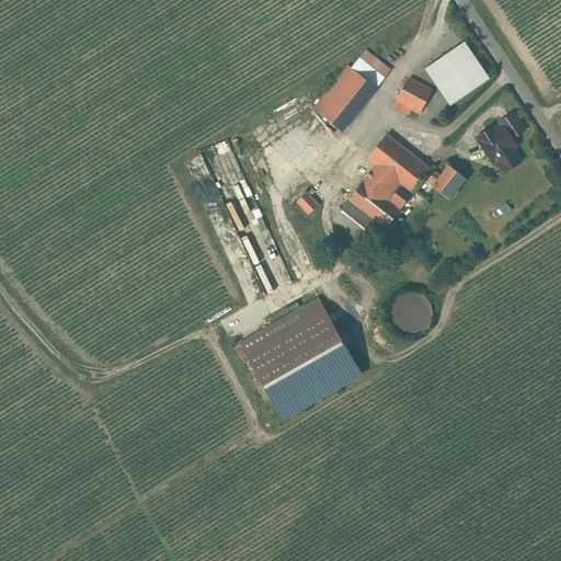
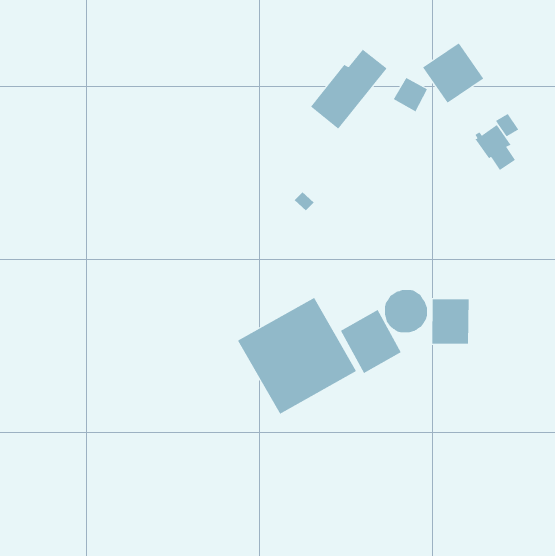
building: [330,133,465,242] -> none
building: none -> [432,299,469,344]
building: none -> [340,309,402,374]

